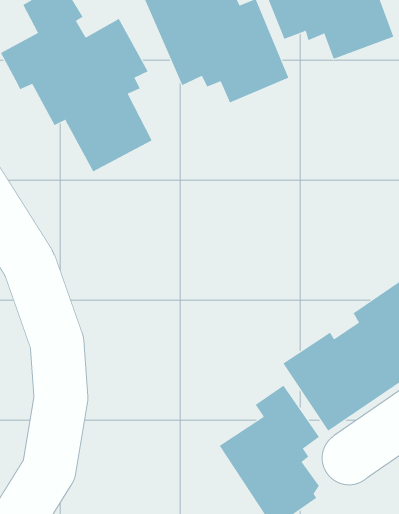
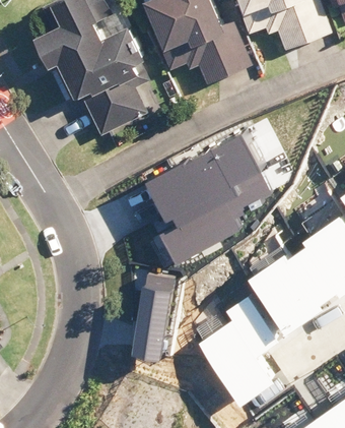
building: none -> [145,135,272,265]
building: none -> [131,272,176,361]

